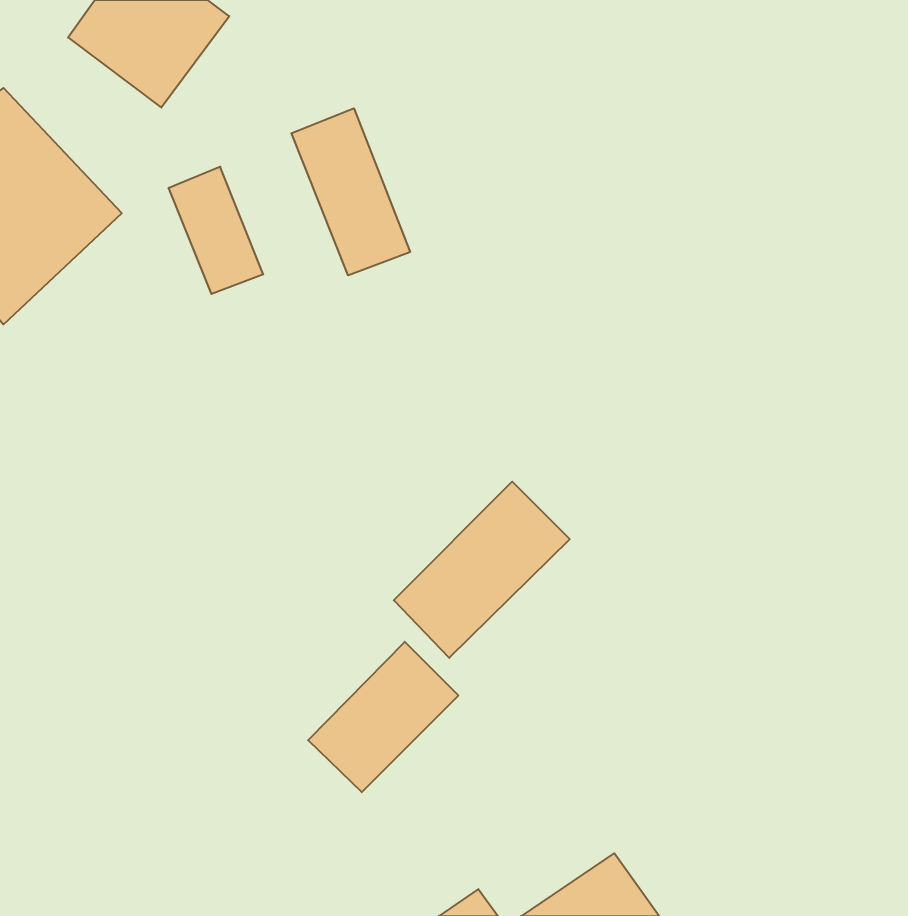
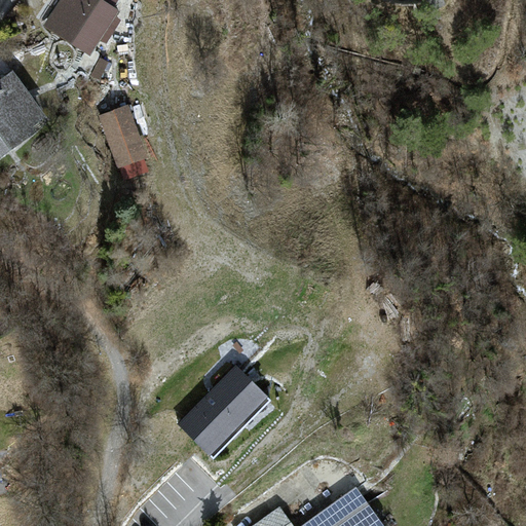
building: [291,108,410,275] -> none
building: [394,482,570,658] -> none

